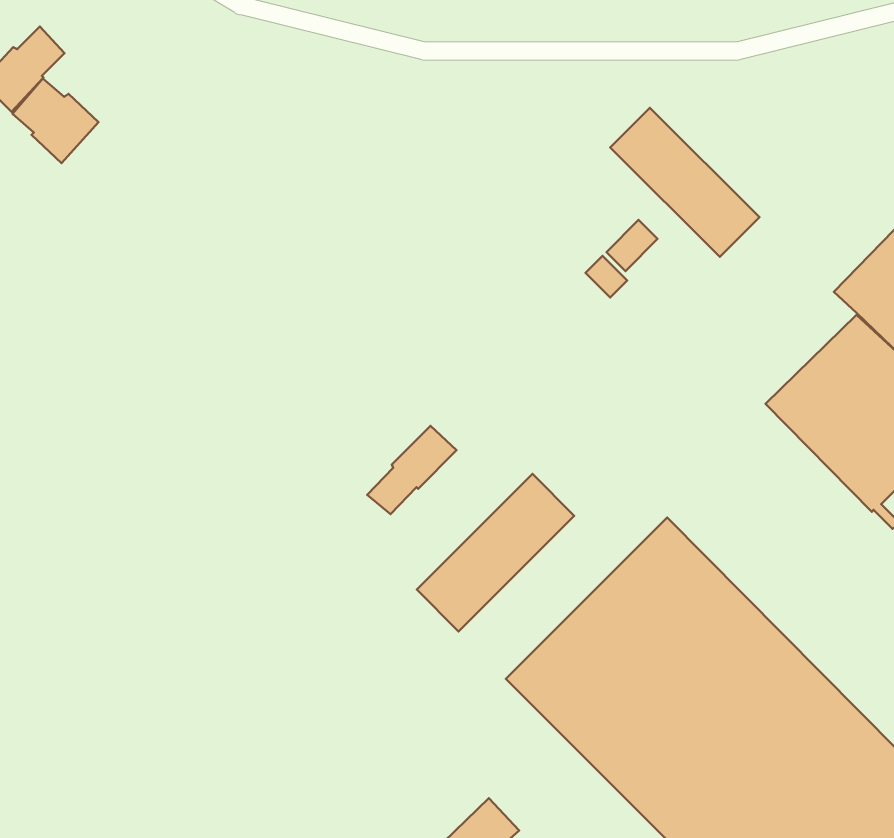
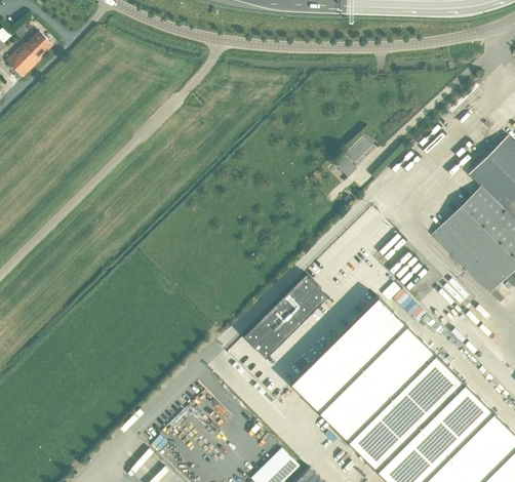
building: [12,78,99,163] -> none
building: [610,108,759,257] -> none
building: [367,426,457,514] -> none

